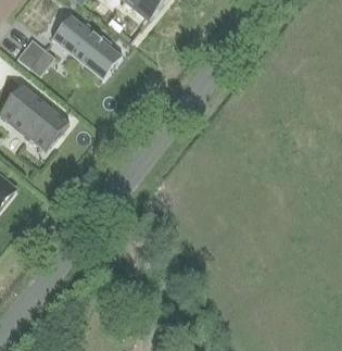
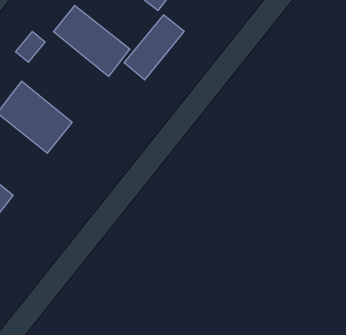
building: none -> [124,15,184,80]

